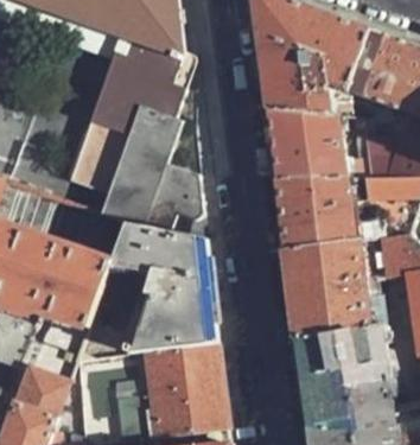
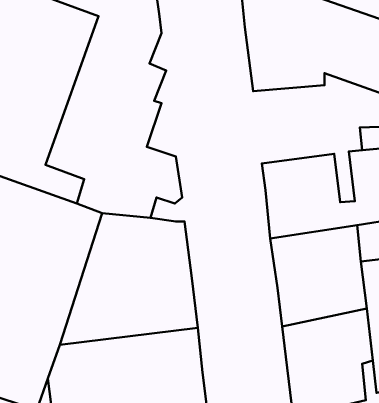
building: [268,104,375,182] -> none

